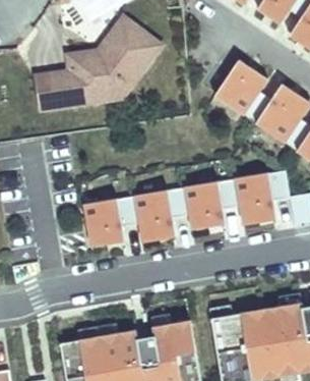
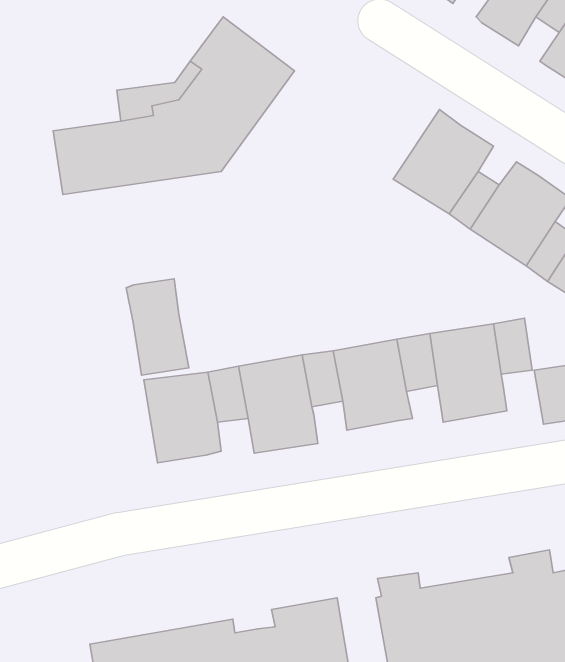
building: none -> [126,279,189,375]

